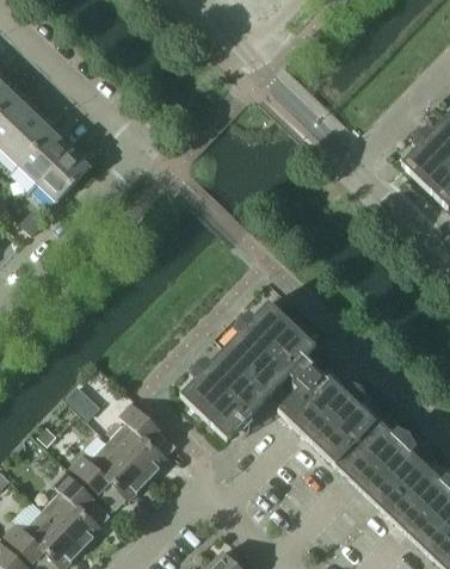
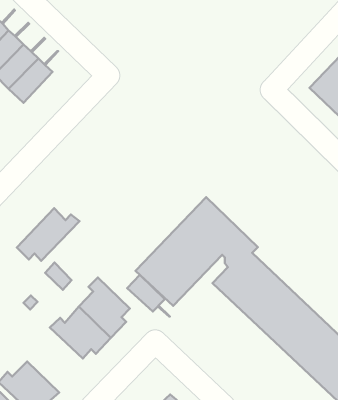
building: [38,135,105,200] -> none
building: none -> [17,208,79,261]
building: none -> [127,275,170,317]
building: [43,471,107,548] -> none

